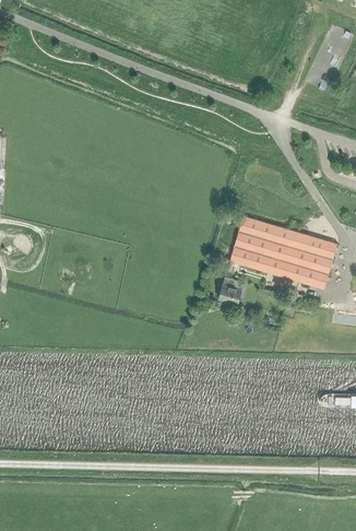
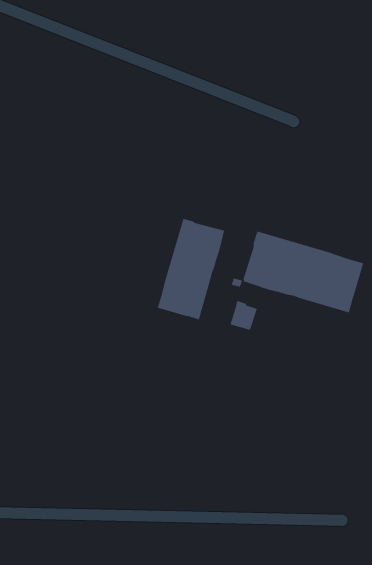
building: none -> [157,218,225,321]

